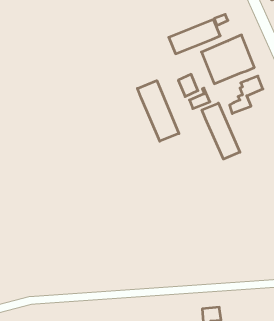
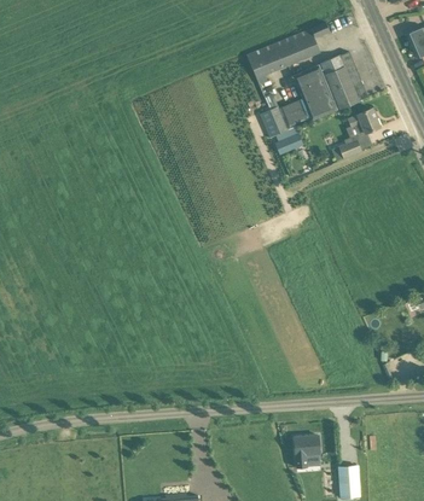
building: [137,81,179,141] -> none
building: [202,103,240,159] -> none

